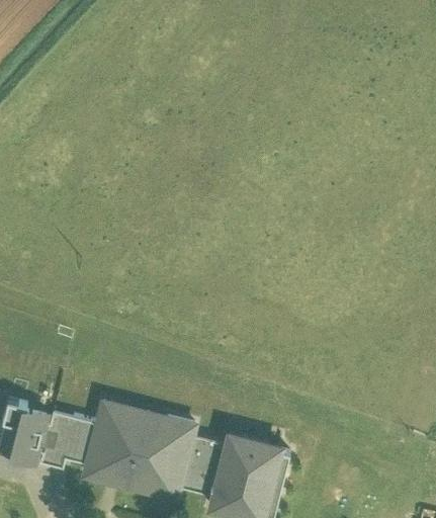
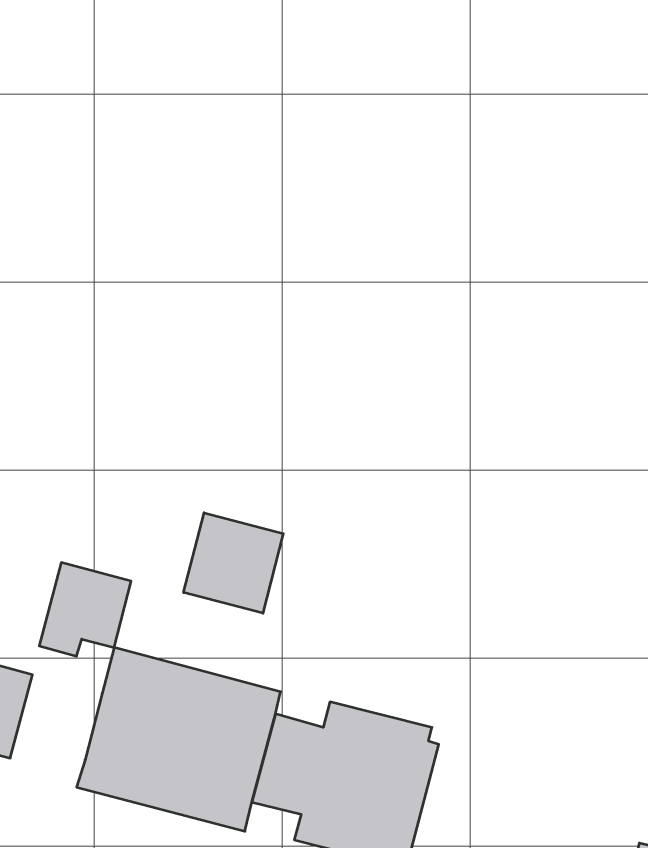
building: none -> [184,513,283,613]
building: [37,413,92,468] -> [39,563,131,656]

